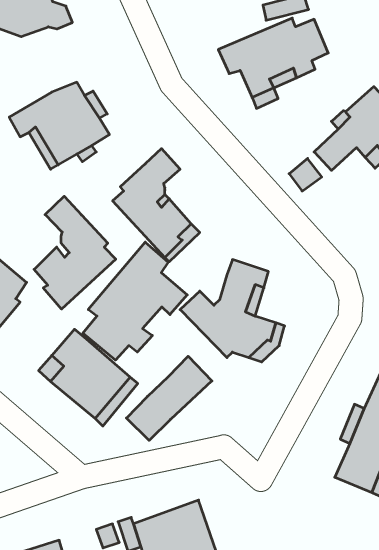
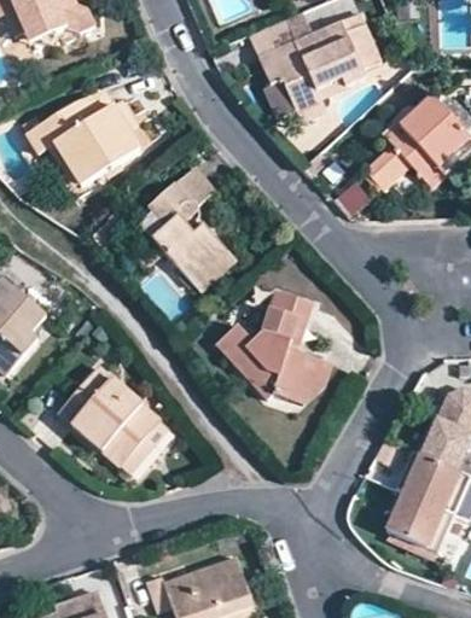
building: [34,196,116,309] -> none
building: [83,242,187,360] -> none
building: [126,356,212,440] -> none

